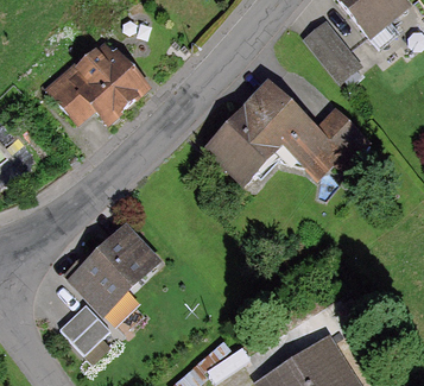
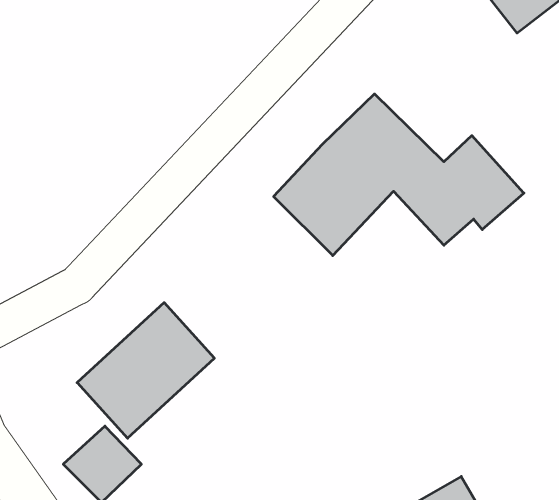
building: [302,21,360,86] -> none
building: [45,38,151,126] -> none

